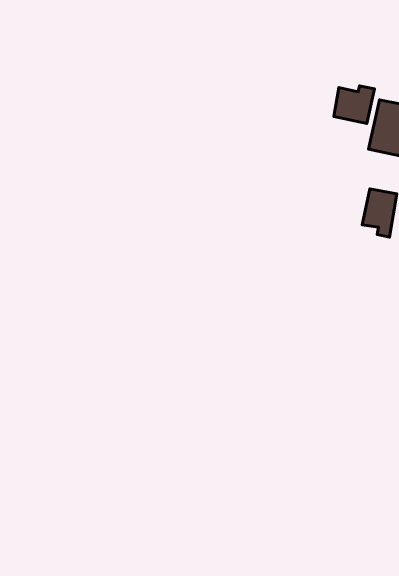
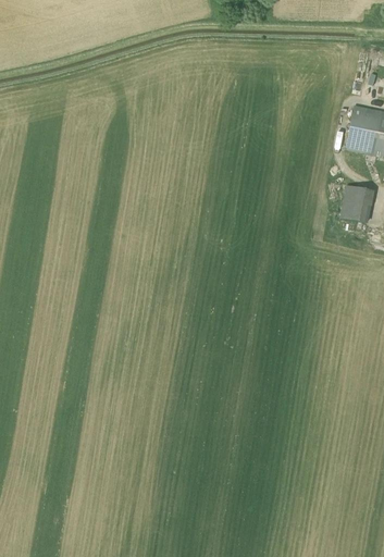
building: [334,86,375,123] -> none

